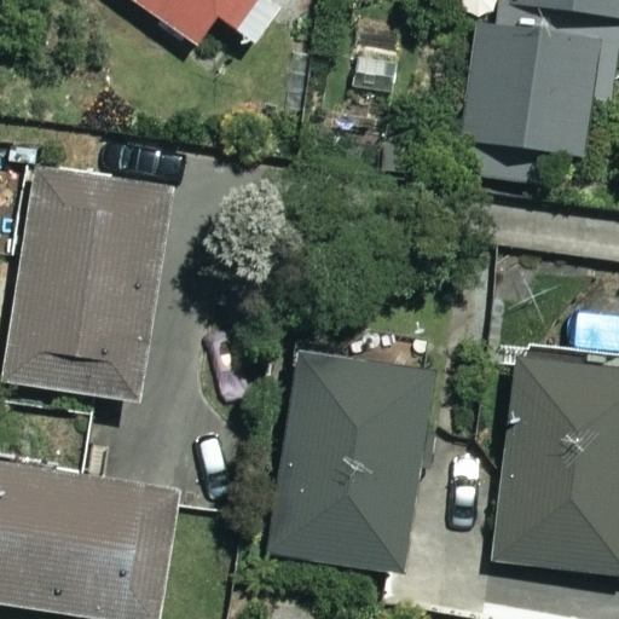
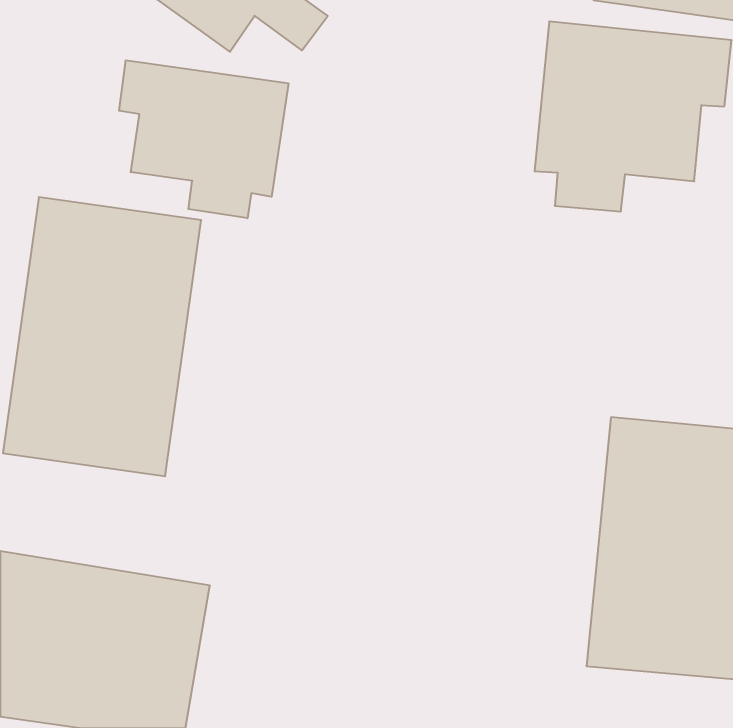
building: none -> [119,60,288,218]
building: [267,353,434,572] -> none

